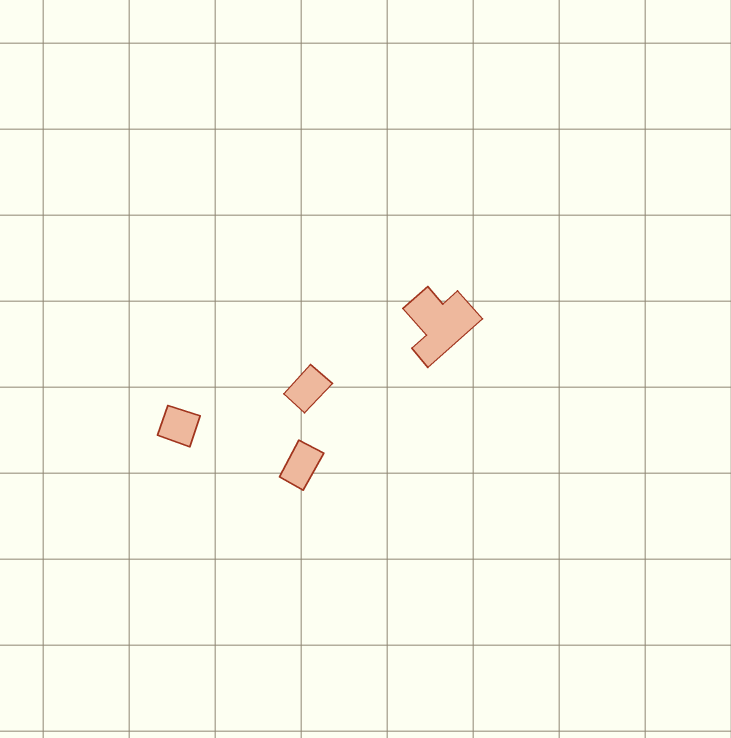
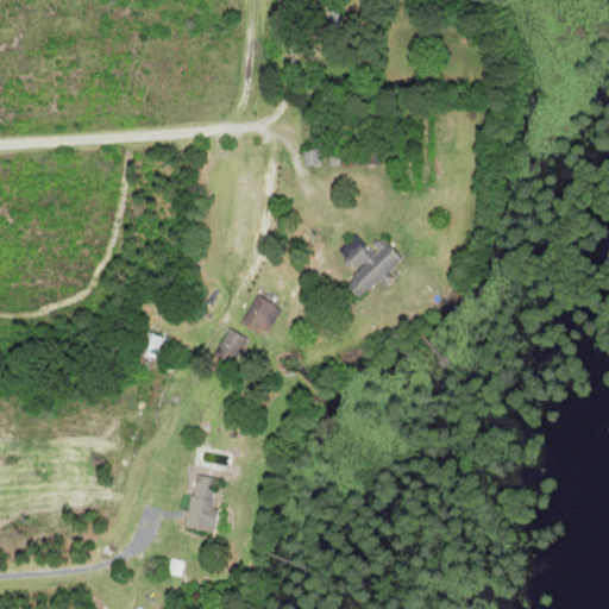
building: [280,440,324,490] -> [214,328,250,369]
building: none -> [187,475,219,530]

